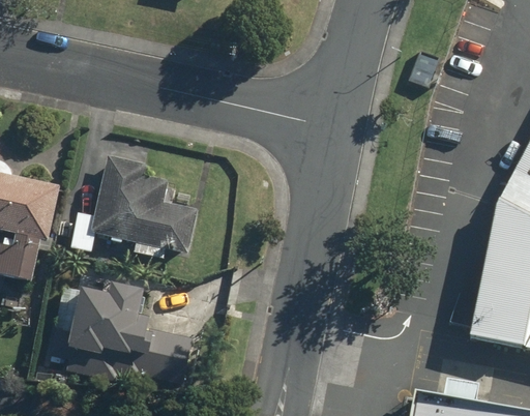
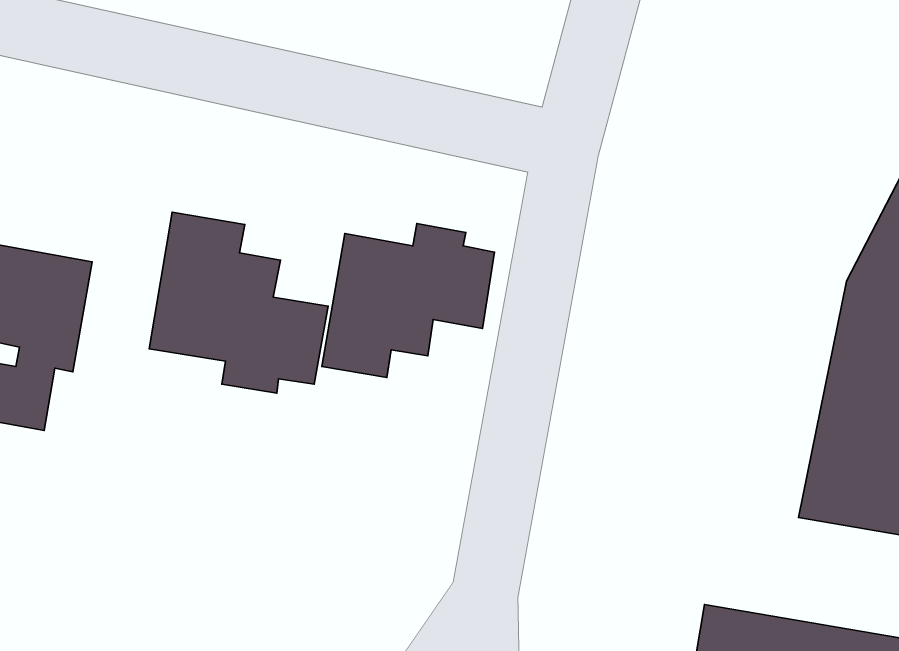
building: none -> [322,223,495,378]
building: [46,287,194,384] -> none

